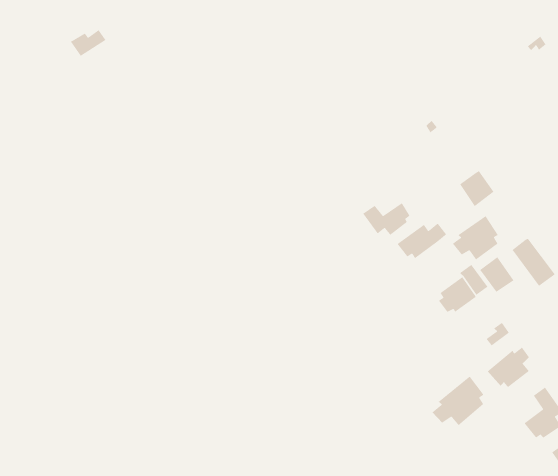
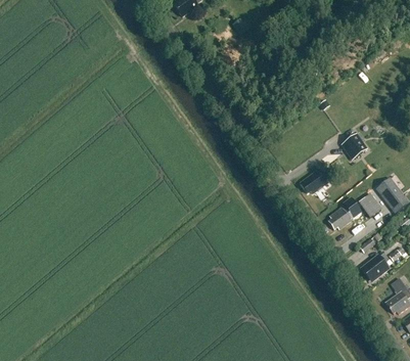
building: [362,202,411,236] -> none
building: [452,215,499,260] -> none
building: [432,375,484,426] -> none

